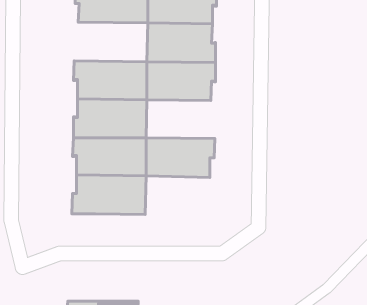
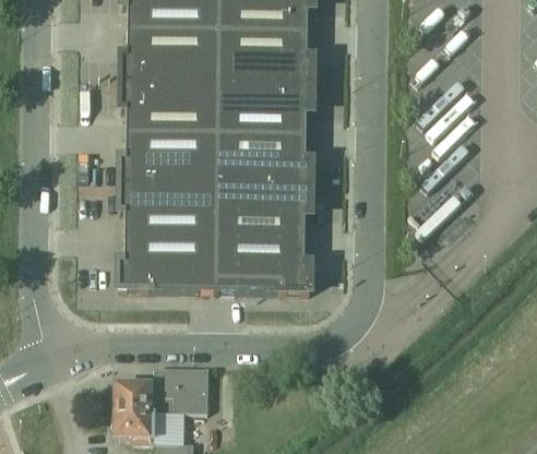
building: none -> [124,32,224,85]
building: none -> [222,136,314,189]
building: none -> [220,239,313,292]
building: none -> [116,367,212,408]

